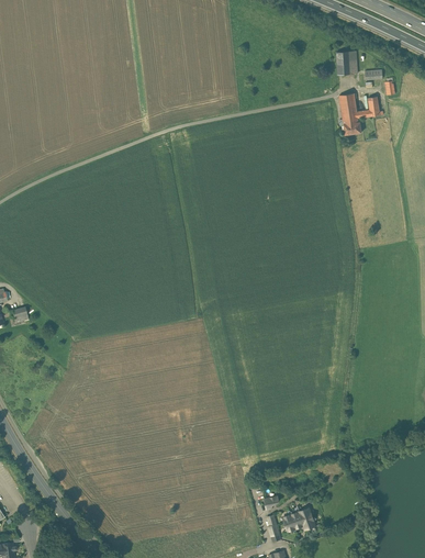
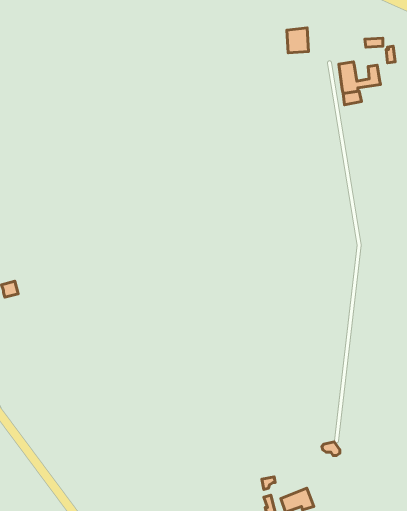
building: [335,51,356,75] -> [287,28,308,53]

